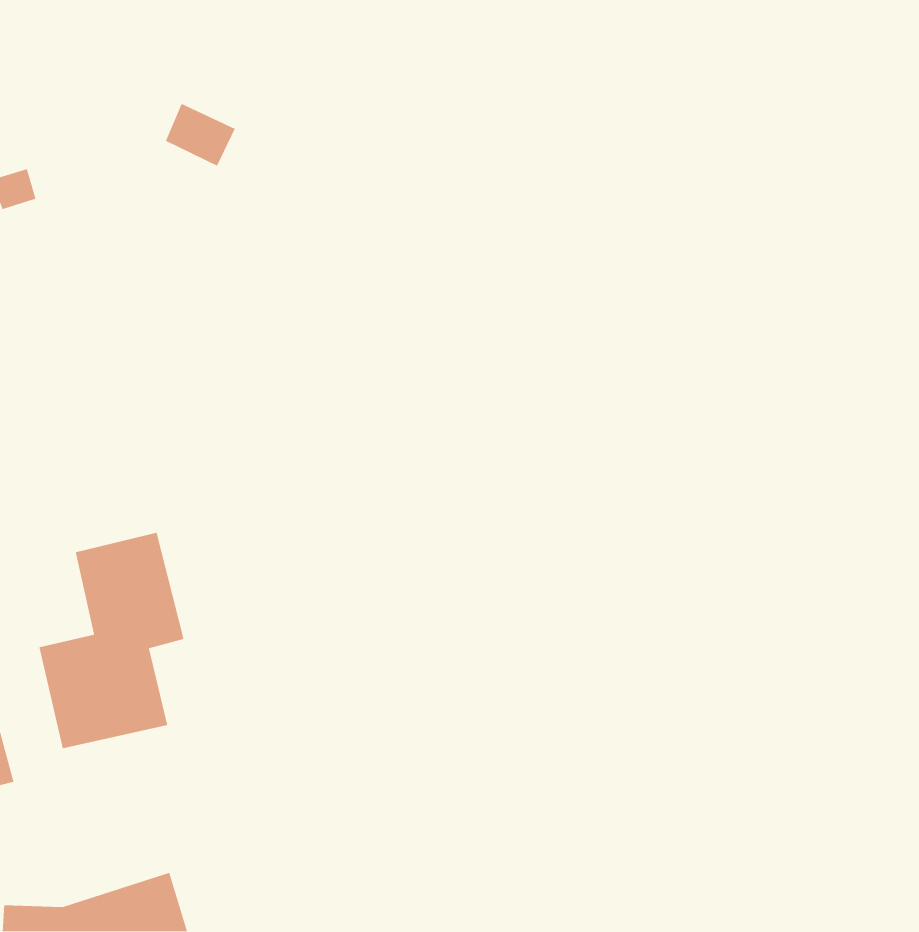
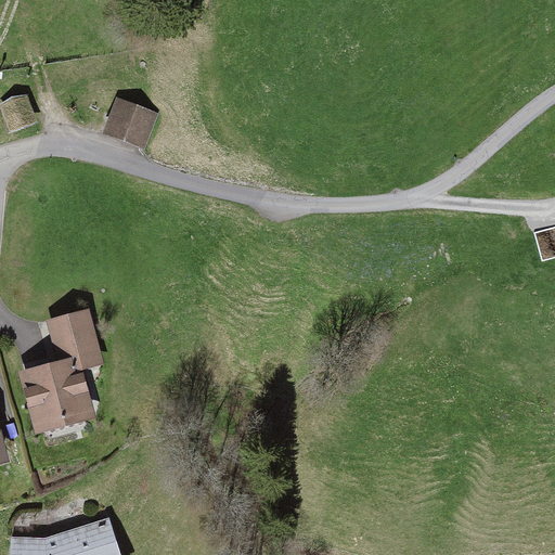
building: [165,103,236,167] -> [99,104,141,142]

